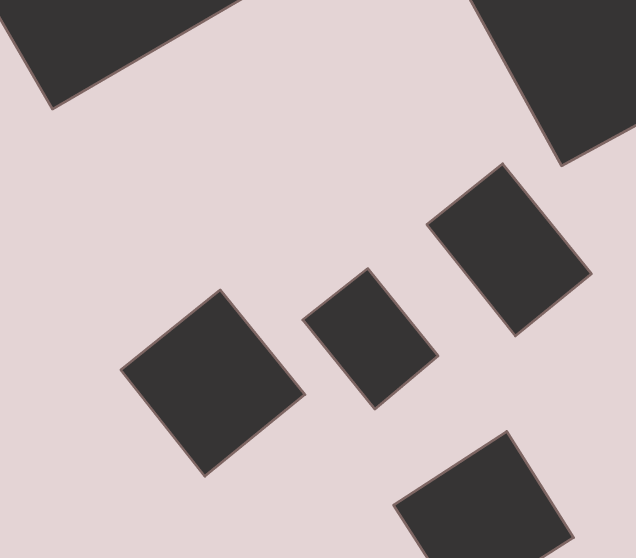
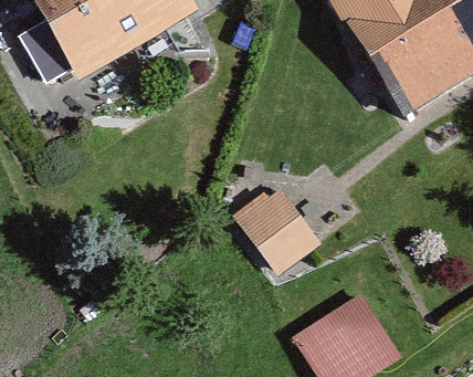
building: [427,164,591,336] -> none
building: [121,290,305,476] -> none

